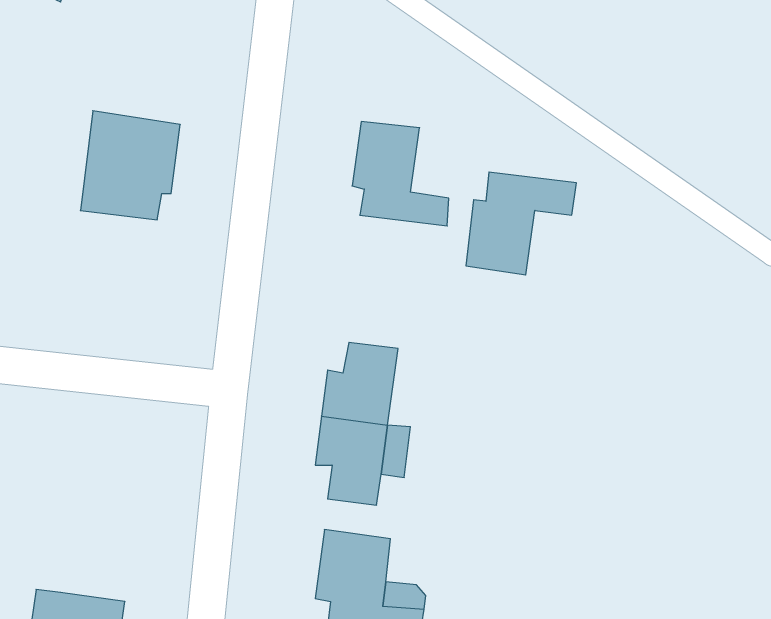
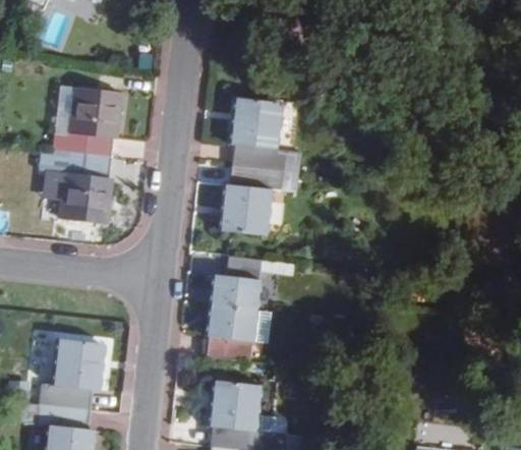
building: [466,172,576,275] -> [225,162,298,230]
building: none -> [52,159,109,232]
building: none -> [42,346,101,418]

